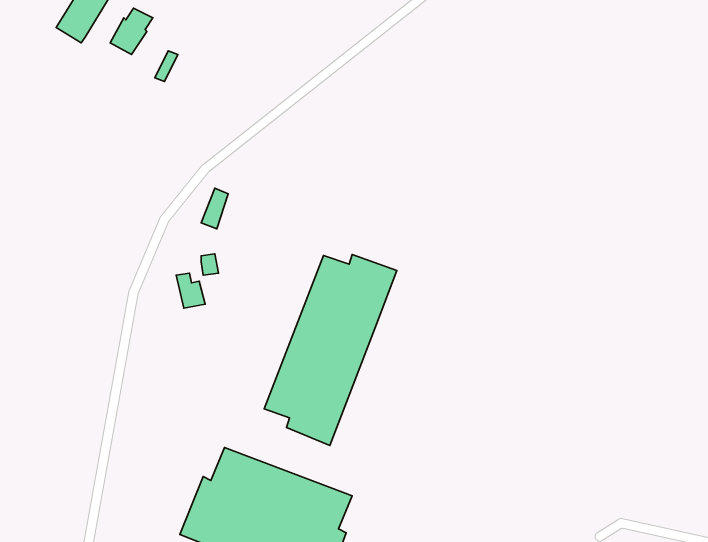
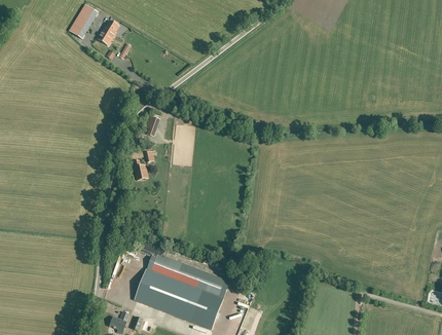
building: [264,254,397,446] -> none

